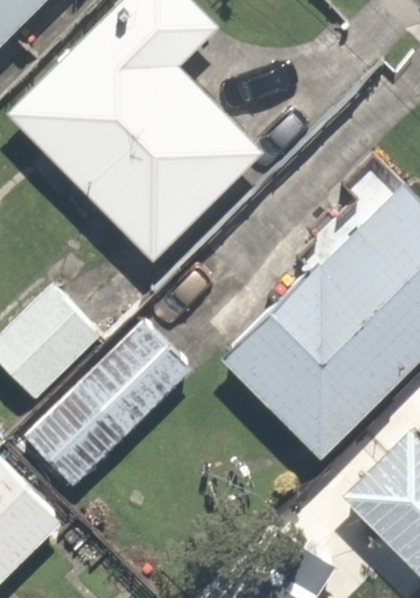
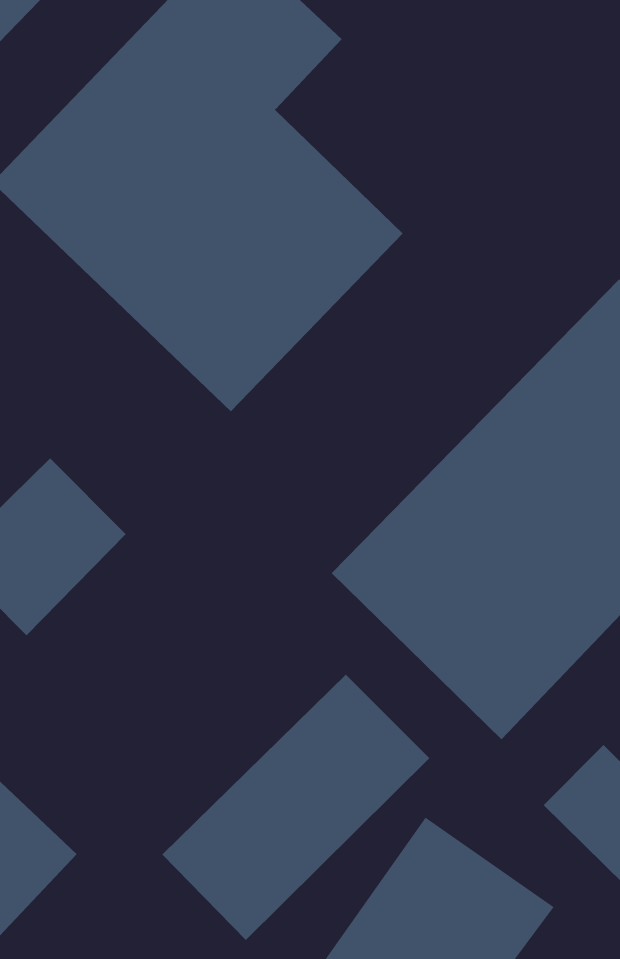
building: [23,321,189,485] -> [161,674,430,941]

